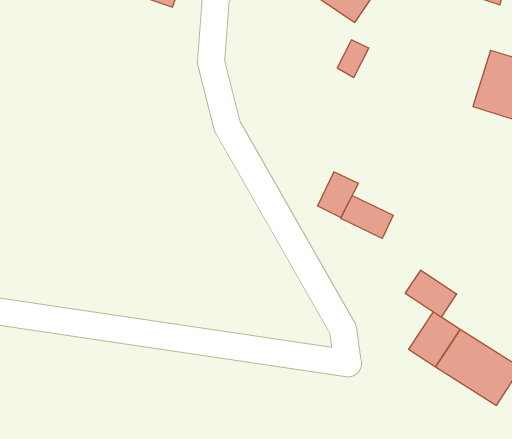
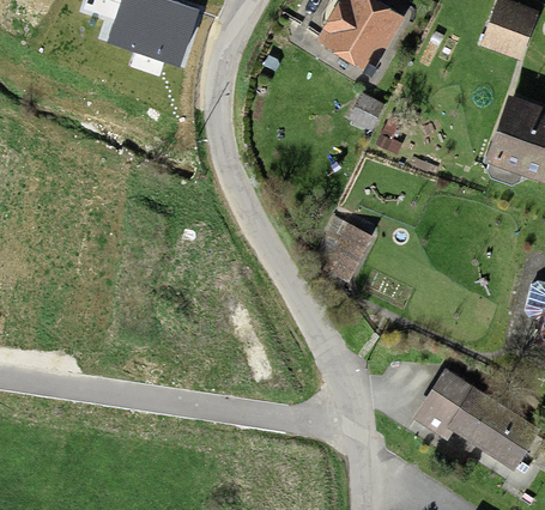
building: [341,195,393,238] -> none
building: [405,270,457,317] -> none

